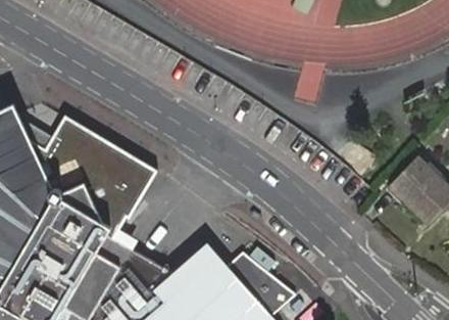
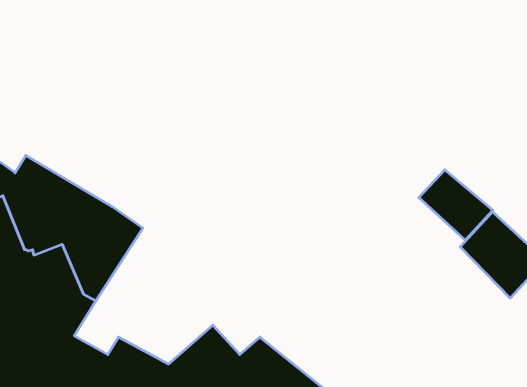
building: none -> [419,170,493,240]

